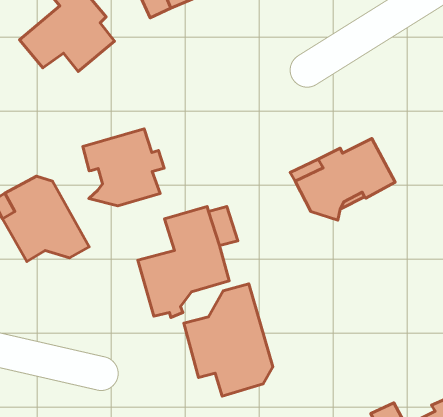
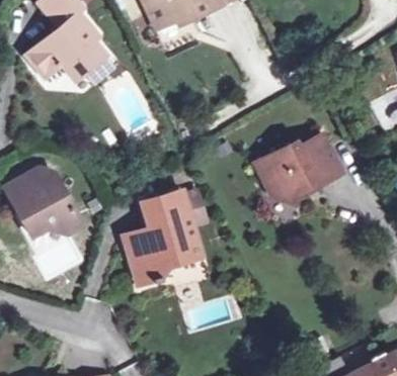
building: [83,129,164,206] -> none
building: [184,284,273,396] -> none

